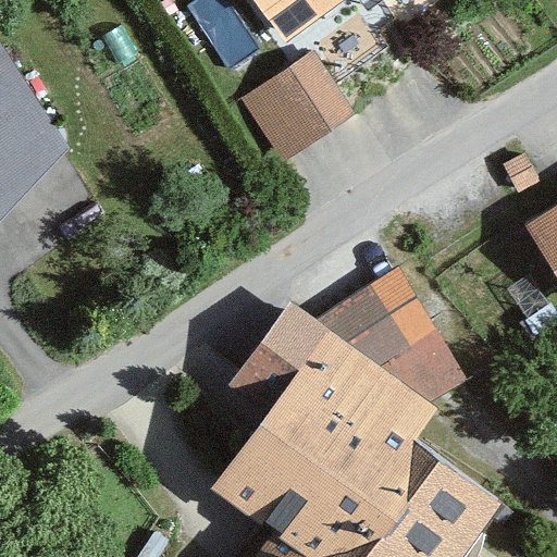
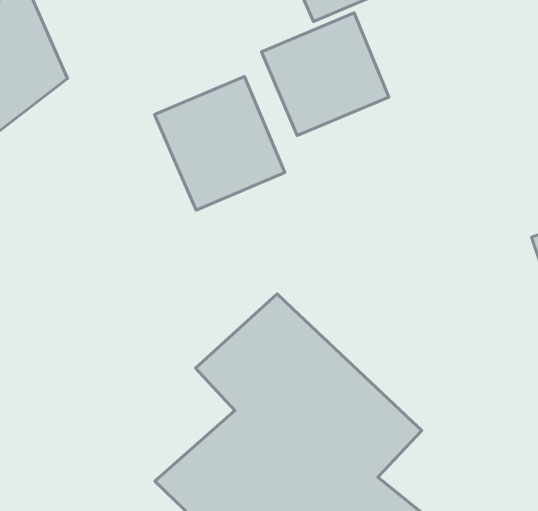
building: none -> [154,76,285,210]
building: [307,264,468,399] -> none

